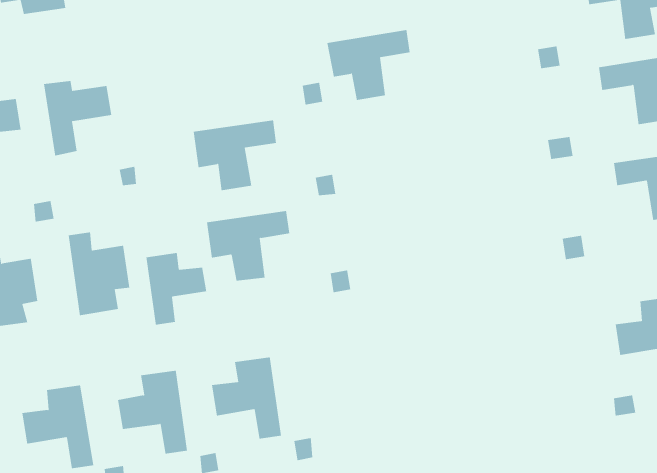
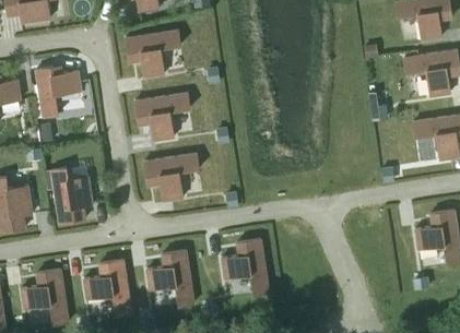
building: [326,30,411,100] -> [125,29,180,76]
building: [146,252,207,325] -> none
building: none -> [222,238,269,294]

